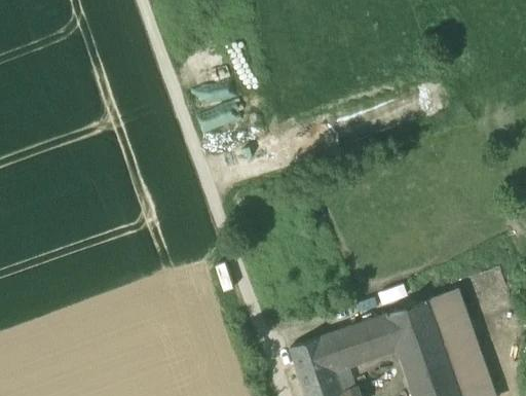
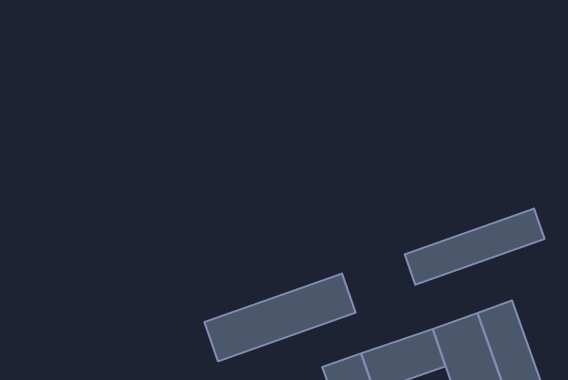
building: none -> [405,208,544,285]
building: none -> [205,273,355,361]

